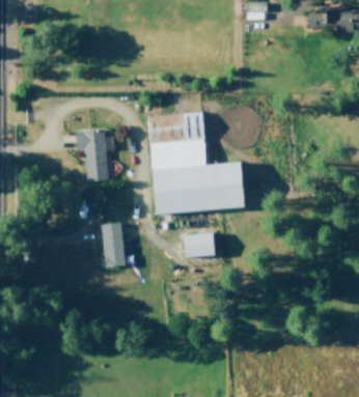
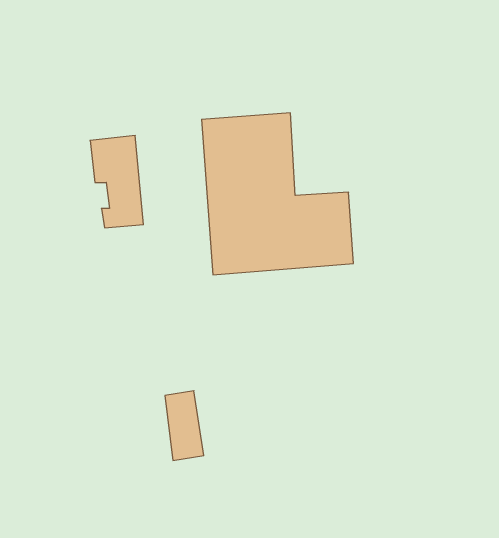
building: [101,222,126,266] -> [165,391,204,460]
building: [184,231,216,259] -> none

